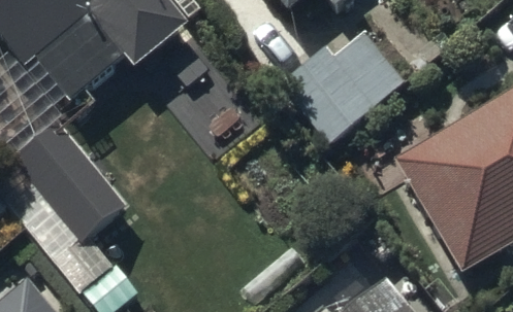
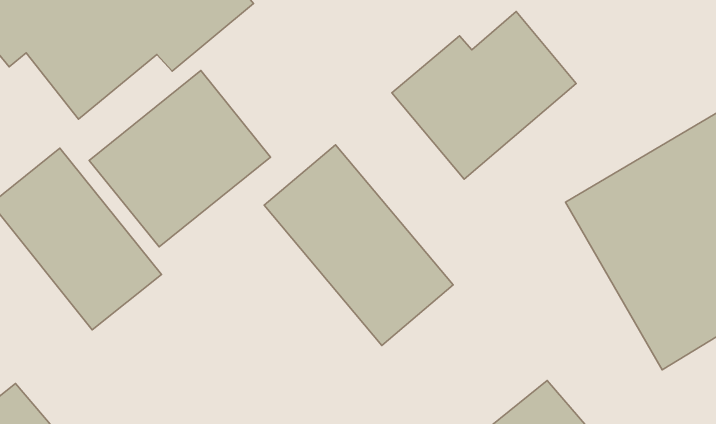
building: none -> [89,71,271,247]
building: none -> [264,145,453,345]

